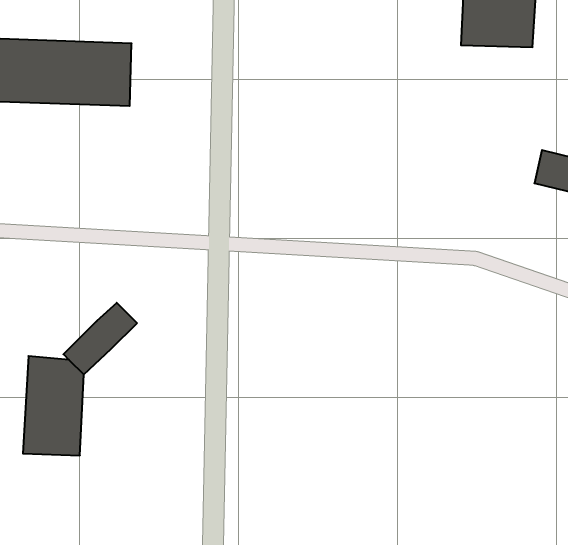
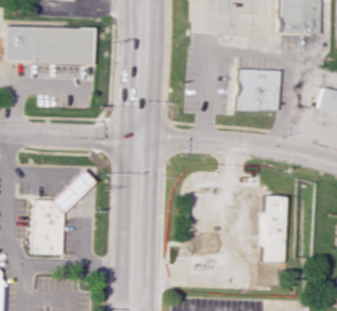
building: none -> [243,69,279,109]
building: none -> [260,196,285,262]

